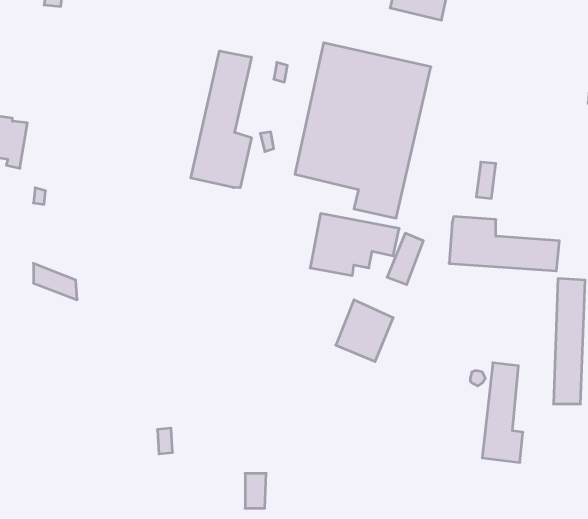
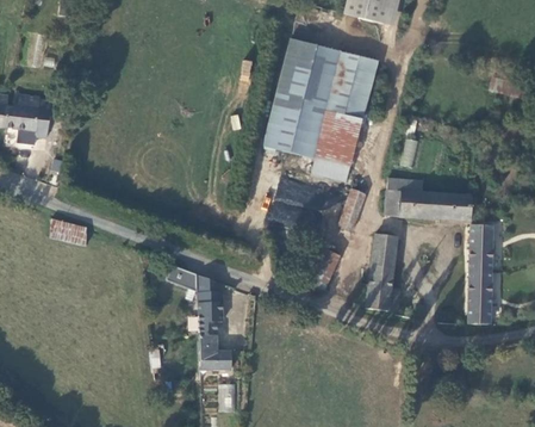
building: [191,51,251,188] -> none
building: none -> [167,266,238,376]
building: [482,363,523,462] -> [369,233,402,311]

